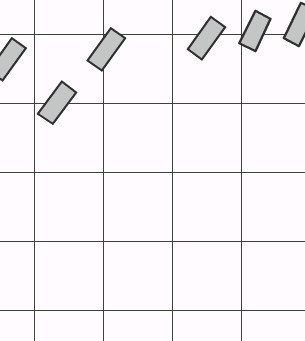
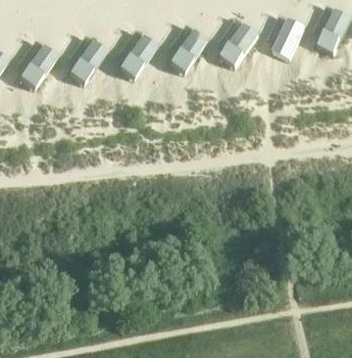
building: none -> [166,31,204,74]
building: [38,82,76,124] -> [65,41,104,84]

